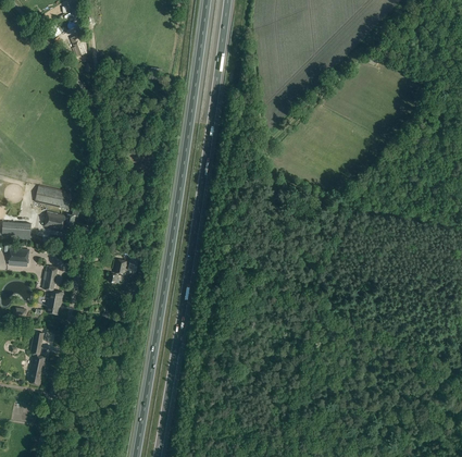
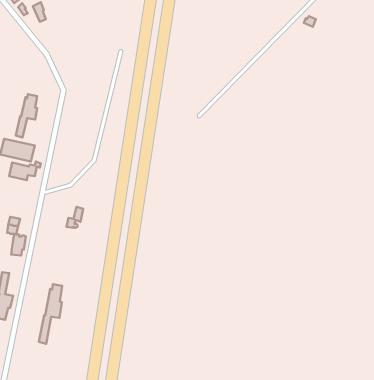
building: none -> [16,94,37,137]
building: none -> [39,284,62,344]

